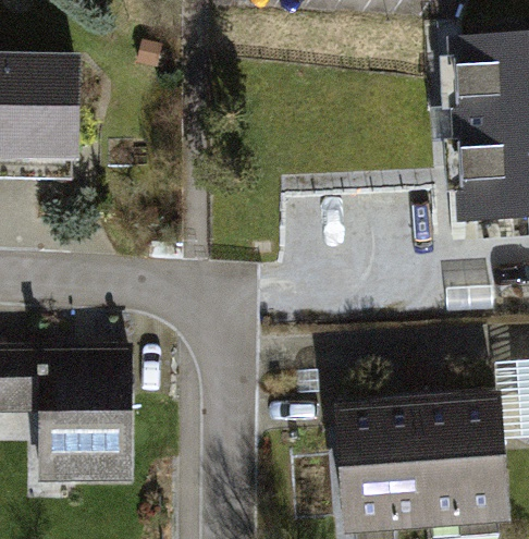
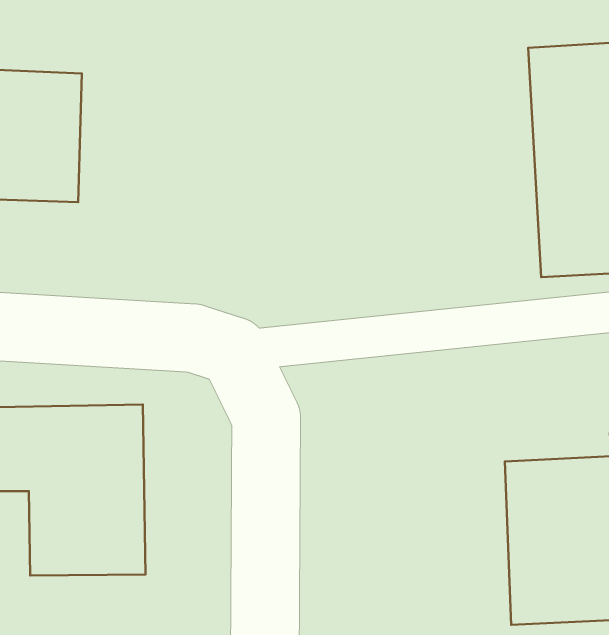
building: [340,391,432,531] -> none

